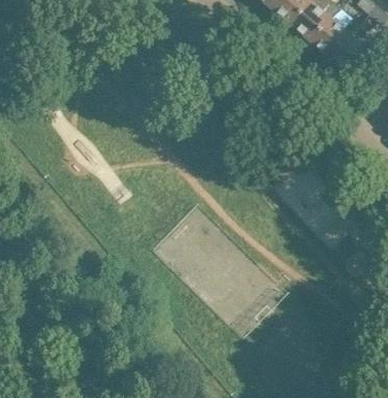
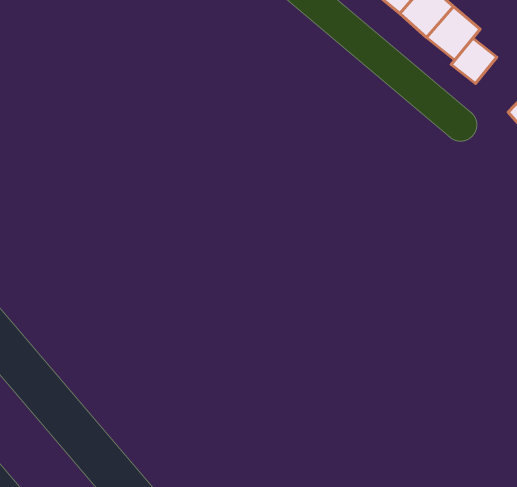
building: none -> [451,38,497,84]

